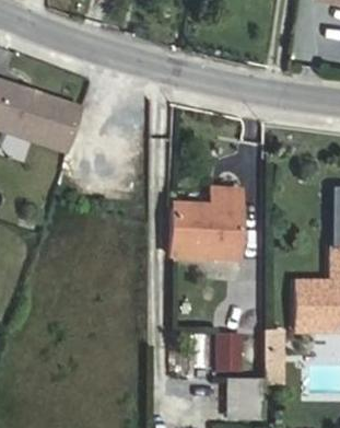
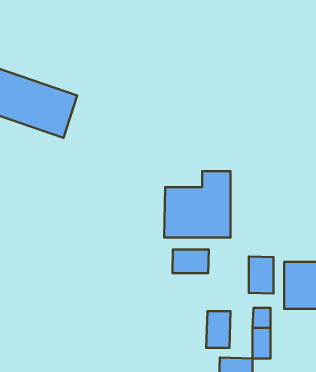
building: none -> [172,250,209,273]
building: none -> [249,257,273,293]

